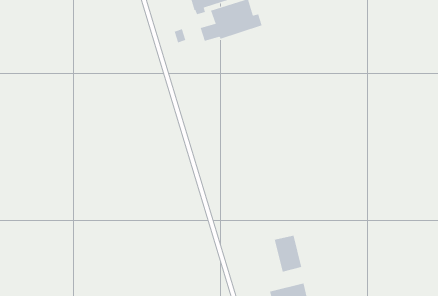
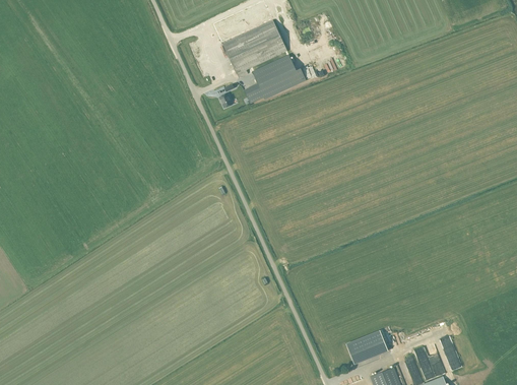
building: [274,235,302,273] -> none

